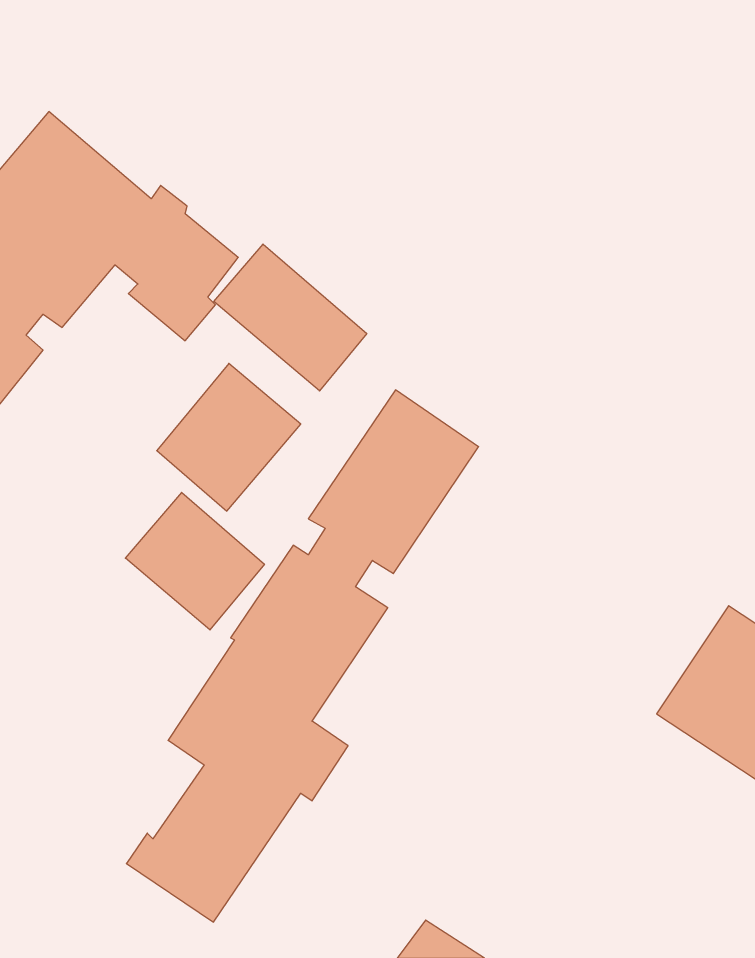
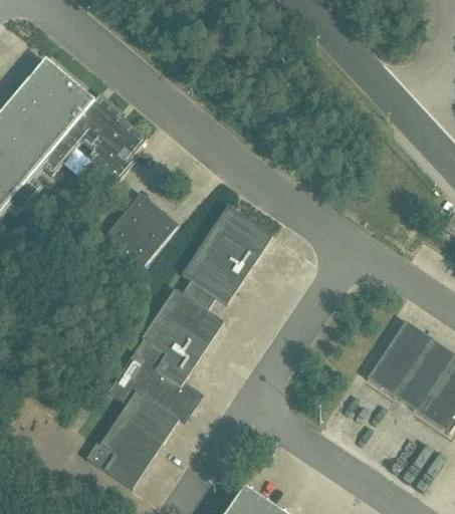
building: [214,244,367,391] -> none
building: [125,492,264,630] -> none

